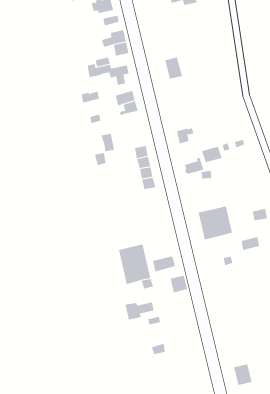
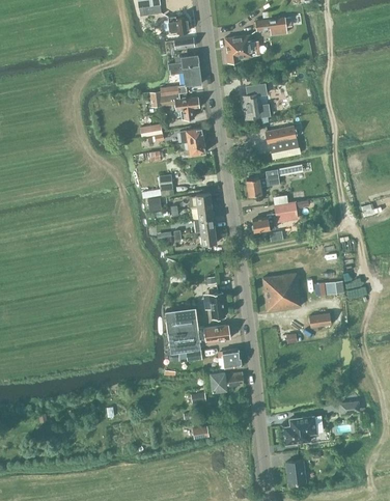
building: none -> [224,34,252,62]
building: none -> [266,126,299,152]
building: none -> [266,164,303,187]
building: none -> [203,291,225,317]
building: [124,302,154,320] -> [210,371,244,391]
building: none -> [283,415,316,444]

